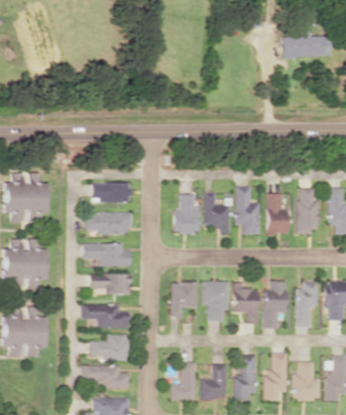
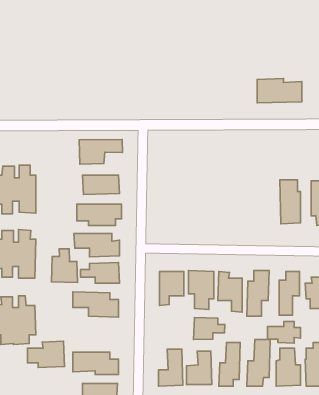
building: [283,33,329,58] -> [257,79,302,103]
building: none -> [79,139,123,164]
building: [235,187,260,234] -> none
building: [204,193,230,234] -> none
building: [173,194,199,233] -> none
building: [267,194,286,234] -> none
building: none -> [51,249,77,283]
building: none -> [193,317,225,339]
building: none -> [267,322,300,343]
building: [92,335,130,362] -> [27,341,64,368]

